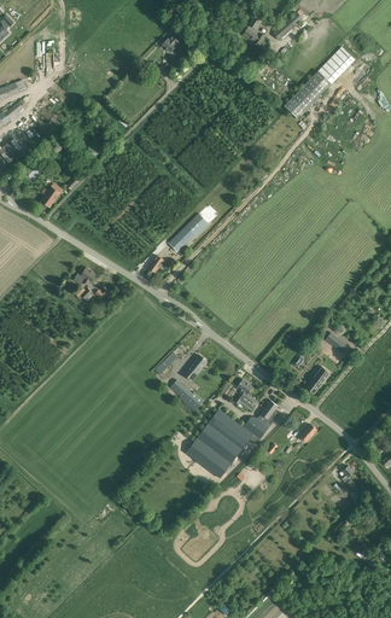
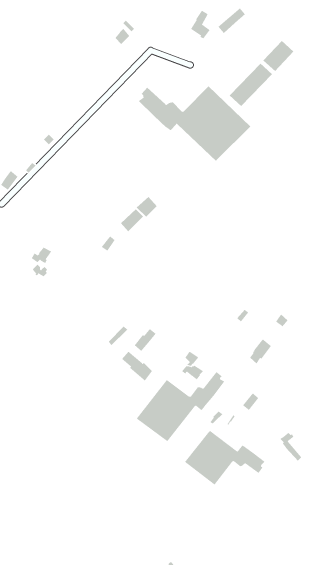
building: none -> [138,86,251,162]
building: none -> [184,430,265,485]

